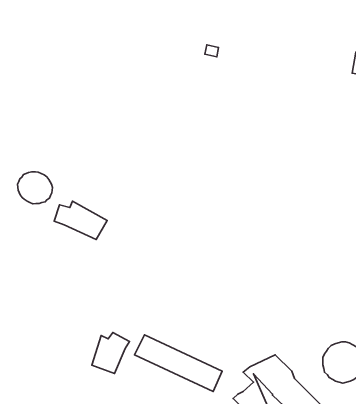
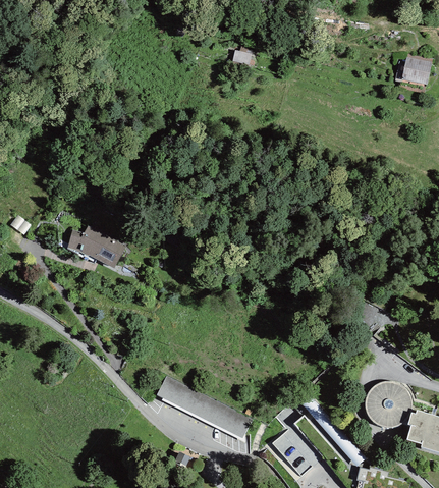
building: [18,172,53,204] -> none
building: [92,332,129,374] -> none

